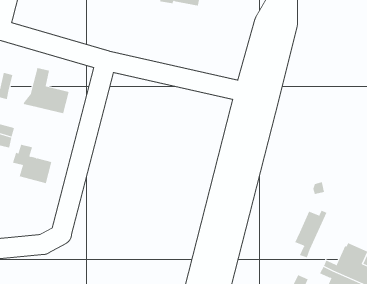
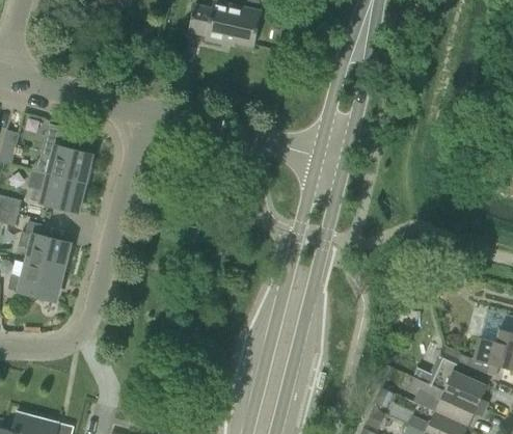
building: none -> [27,171,83,213]
building: none -> [8,264,61,301]
building: [295,210,327,258] -> none

